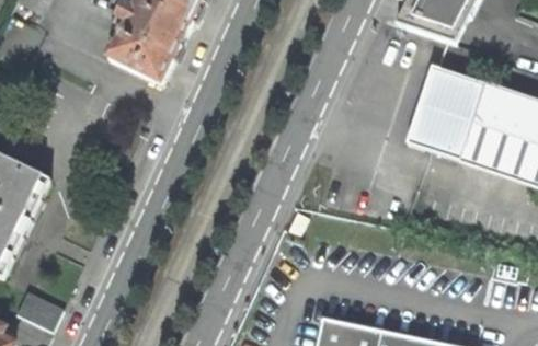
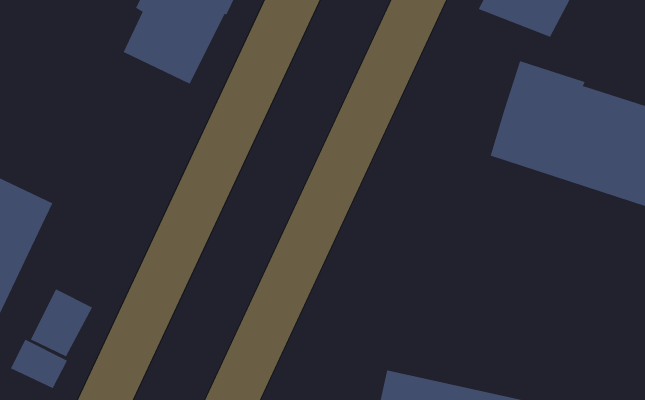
building: none -> [30,289,93,357]

